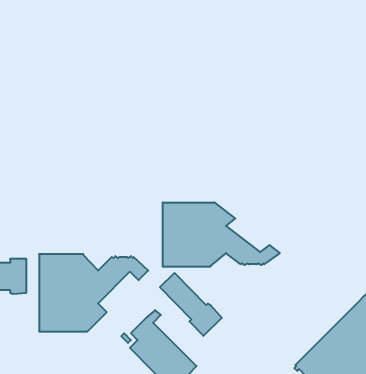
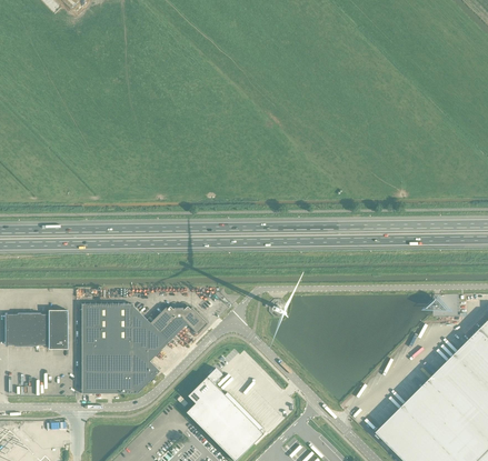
building: [163,202,280,267] -> none
building: [160,273,222,336] -> none

